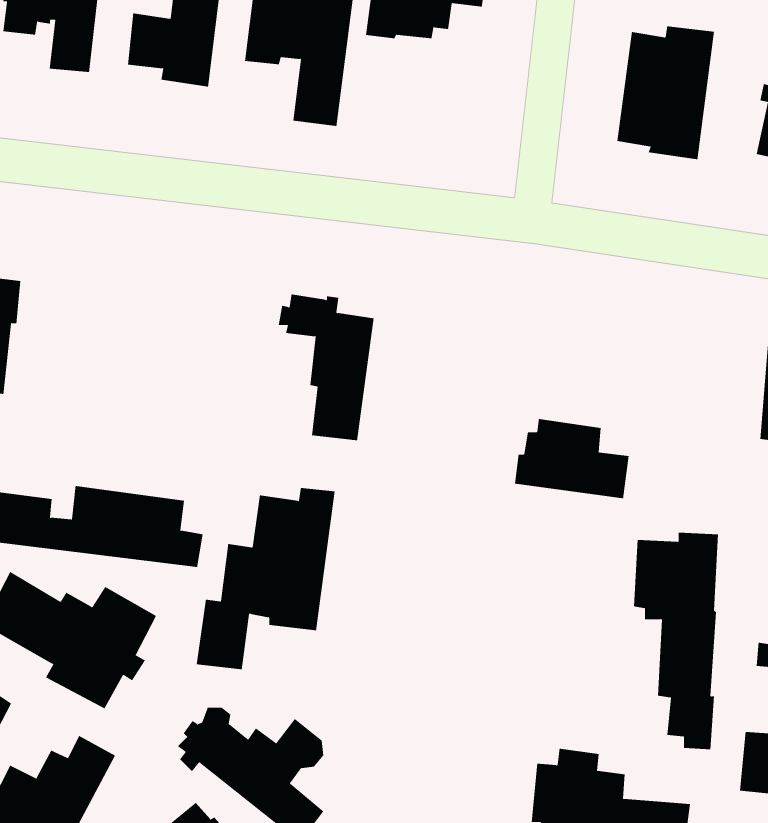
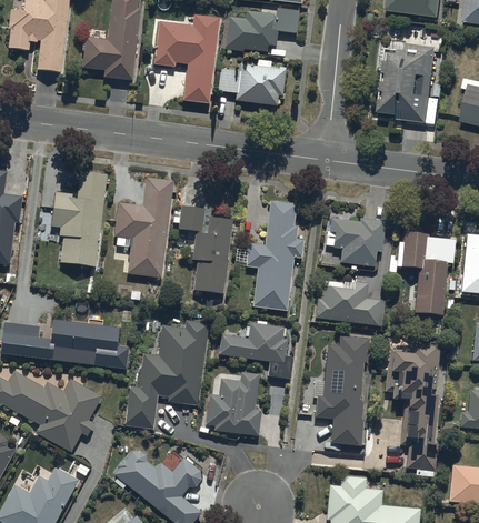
building: none -> [219,61,286,105]
building: none -> [51,170,106,266]
building: none -> [114,178,178,278]
building: none -> [245,201,301,310]
building: none -> [325,218,385,270]
building: none -> [395,227,453,313]
building: none -> [219,322,291,379]
building: none -> [312,335,368,445]
building: none -> [207,373,261,435]

